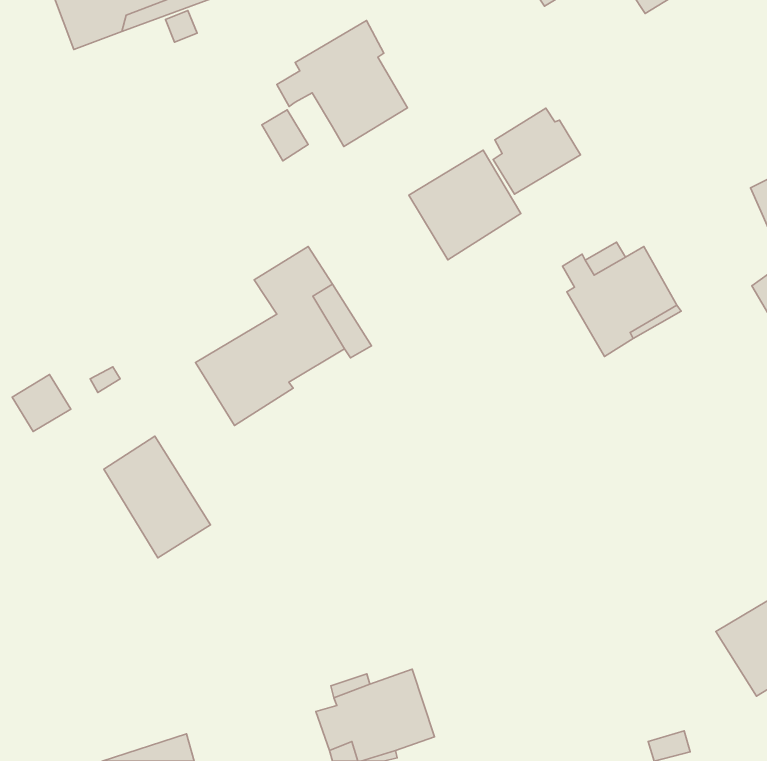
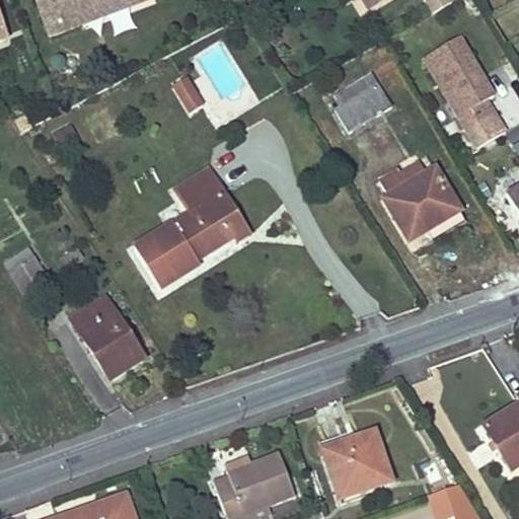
building: [277,21,408,146] -> none
building: none -> [424,34,507,147]
building: [409,150,521,260] -> none
building: none -> [323,431,391,497]

